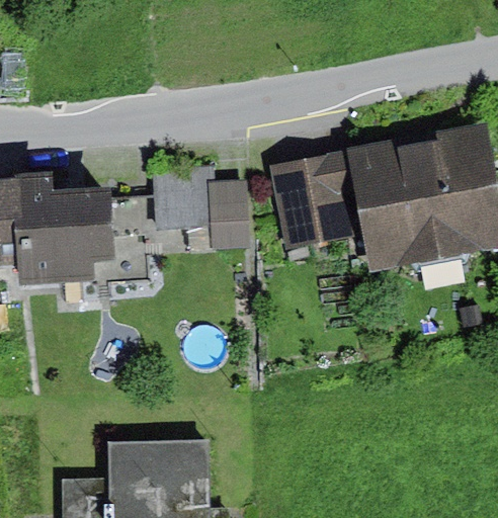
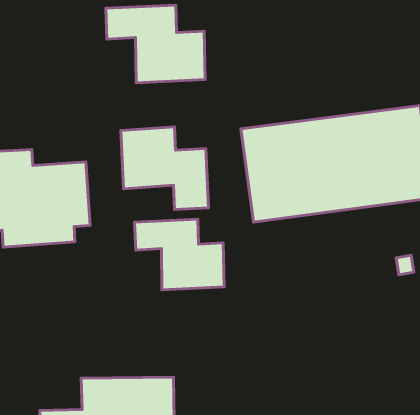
building: none -> [106,5,205,83]
building: none -> [135,219,224,290]

